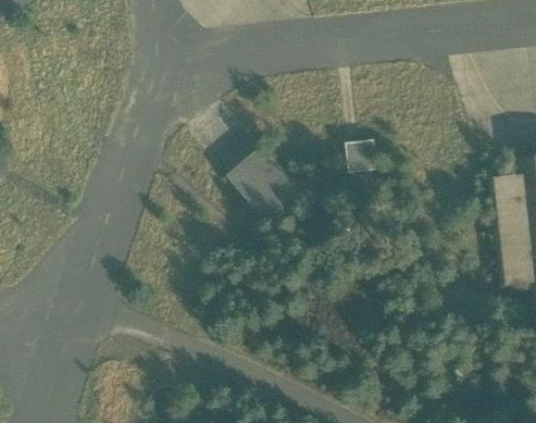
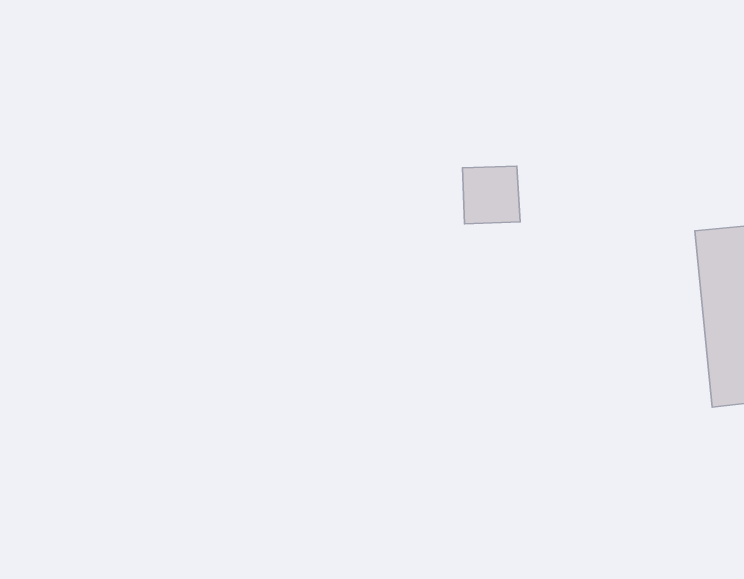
building: [233,147,304,222] -> none

